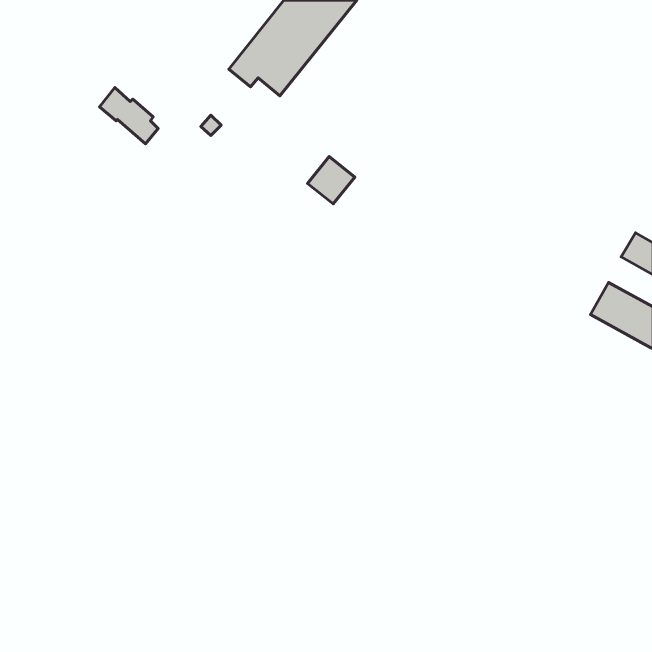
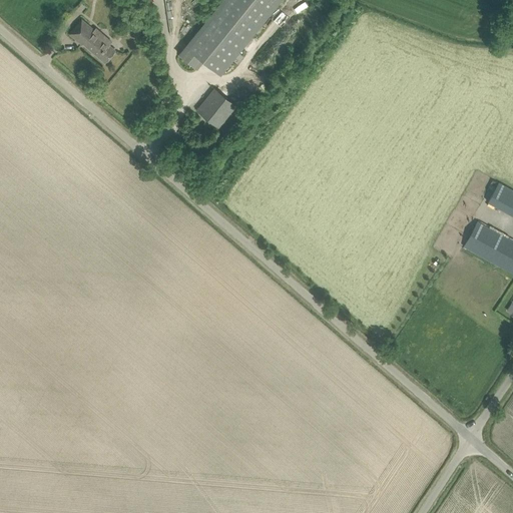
building: [100,87,158,144] -> [70,20,116,64]
building: [308,157,355,204] -> [198,90,235,127]

